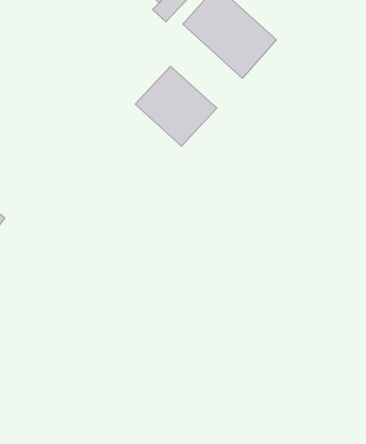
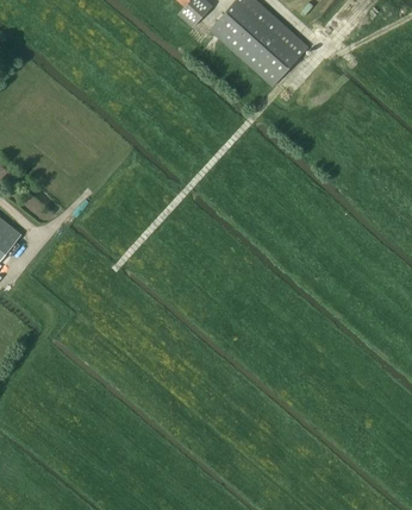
building: [135,66,217,146] -> none

